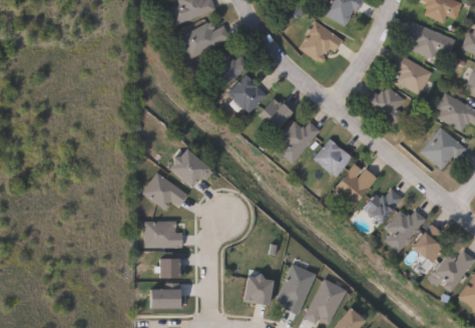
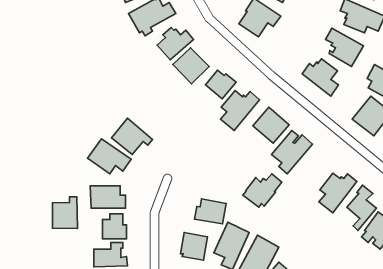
building: [366,190,408,226] -> [243,174,282,207]
building: none -> [52,197,77,228]
building: none -> [195,199,226,224]

